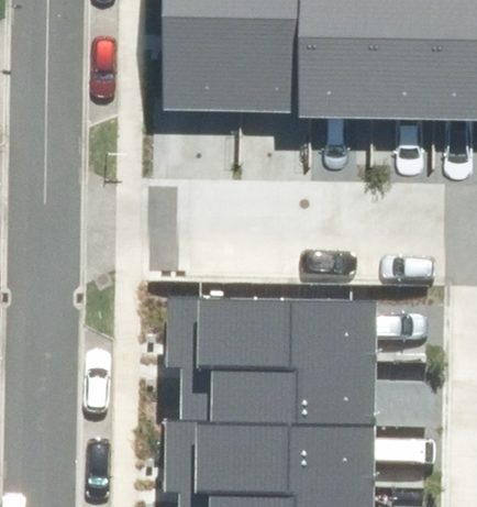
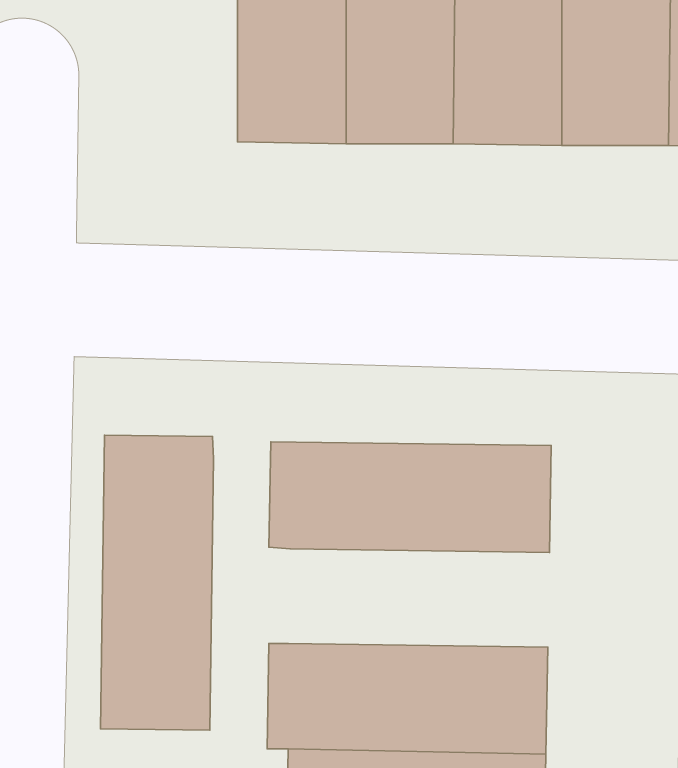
building: none -> [100,435,214,730]
building: [202,363,366,425] -> none

